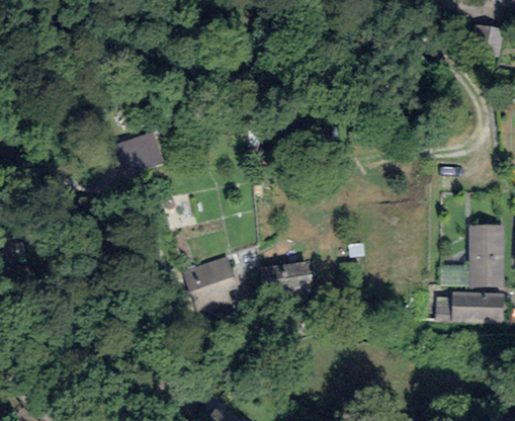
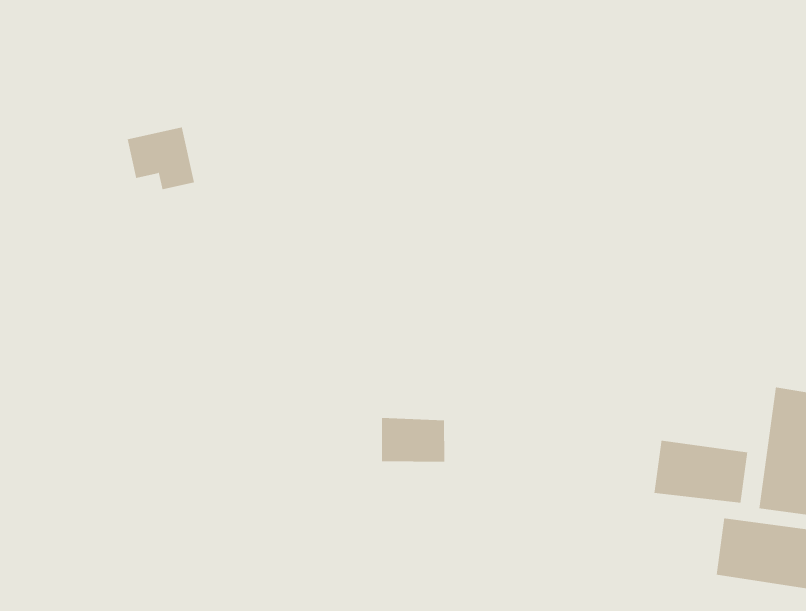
building: [185,256,237,304] -> none
building: none -> [654,440,748,503]

